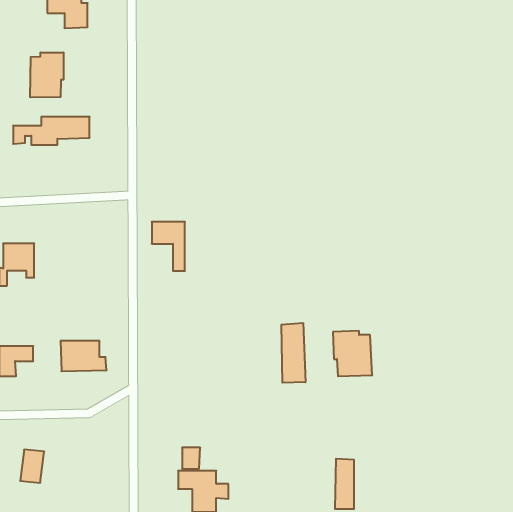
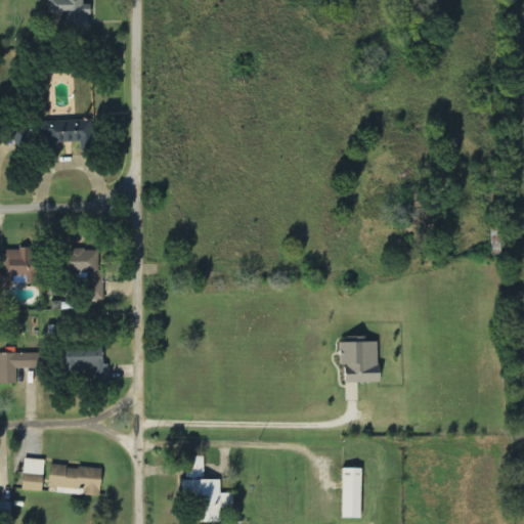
building: [30,52,64,97] -> none
building: [152,222,185,271] -> [68,249,101,299]
building: [281,323,305,383] -> none
building: none -> [48,465,100,494]

